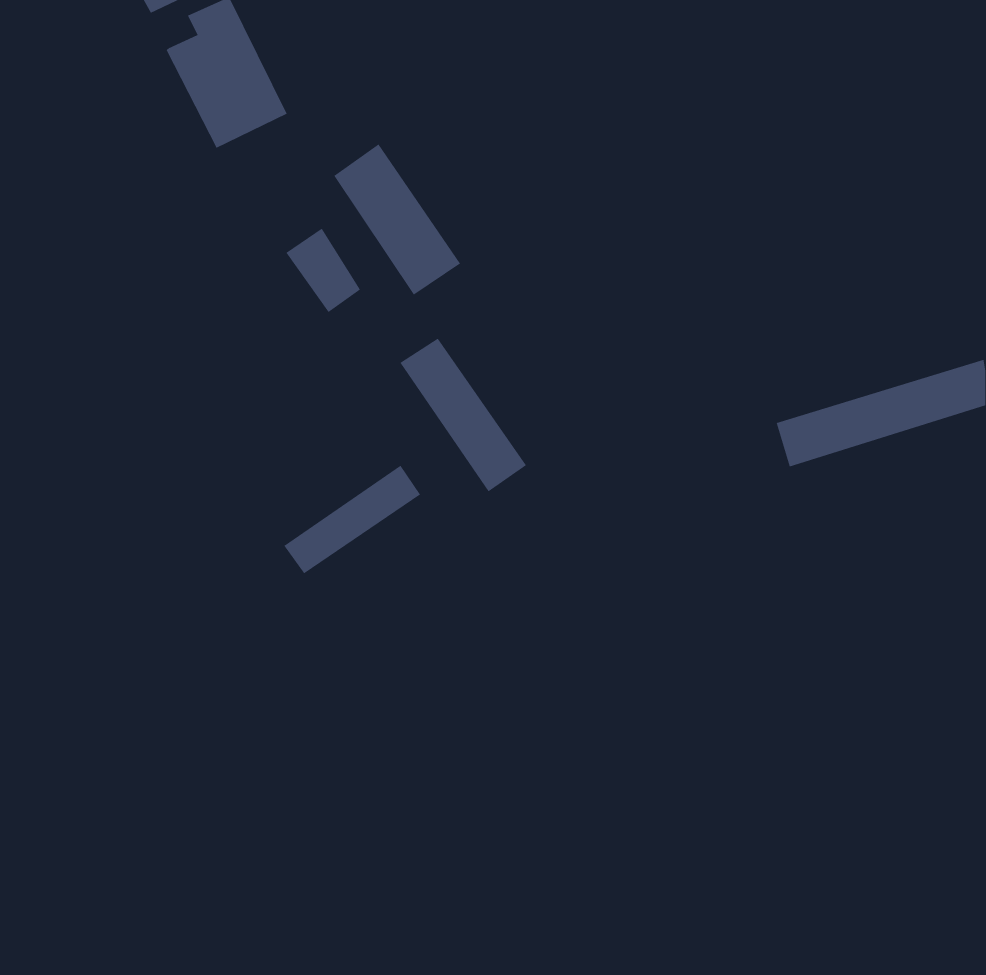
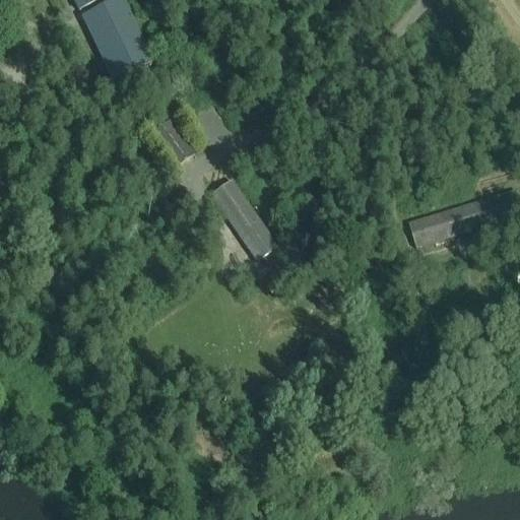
building: [333,143,461,296] -> none
building: [283,465,421,574] -> none

